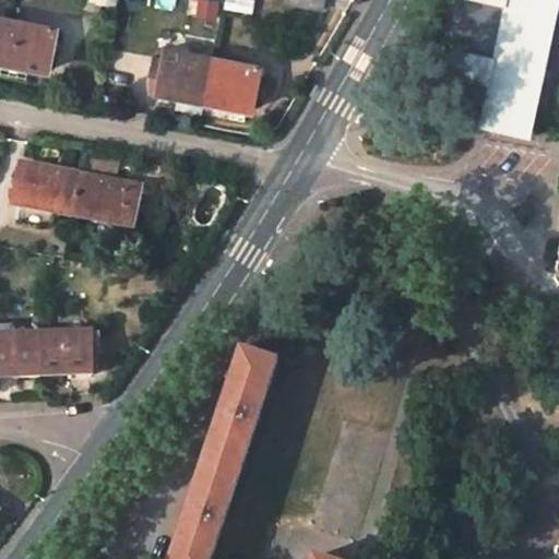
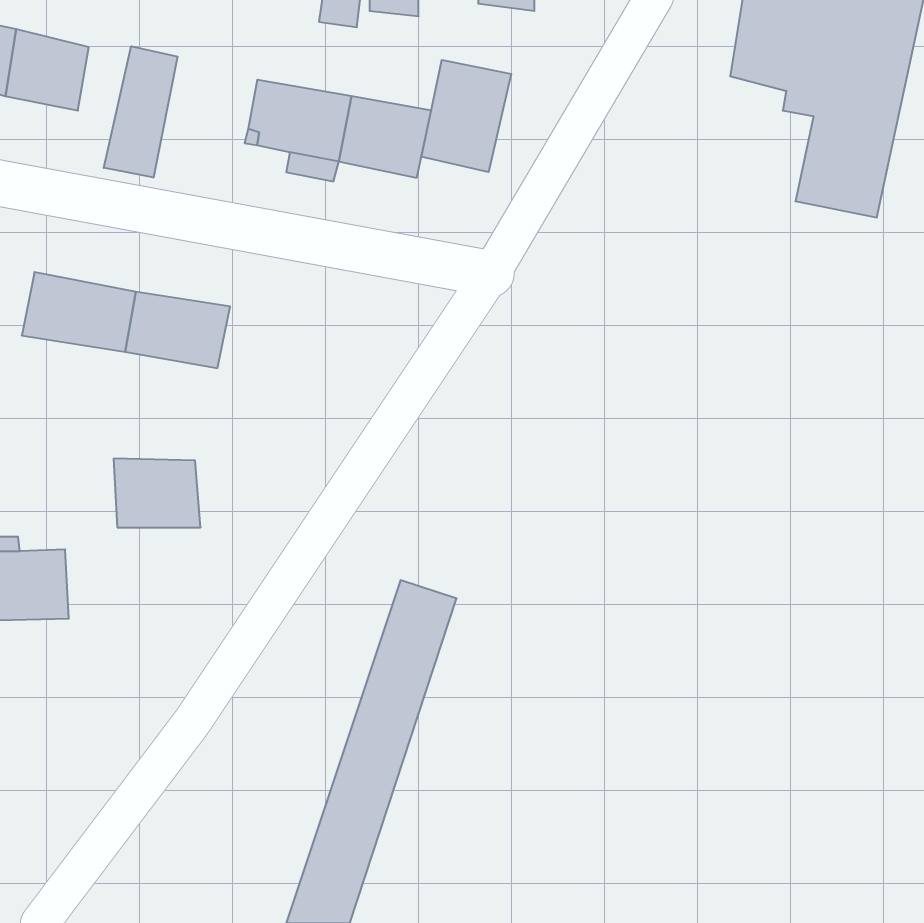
building: none -> [104,46,178,178]
building: none -> [422,60,511,172]
building: [39,331,92,372] -> [114,459,201,527]

